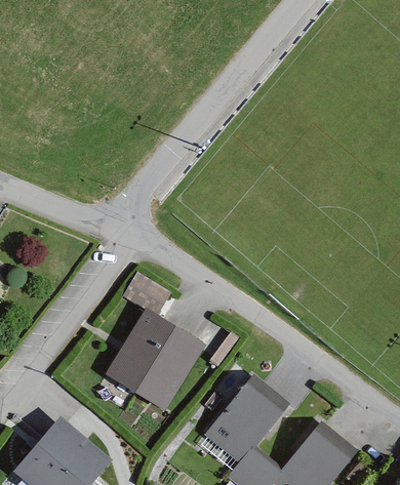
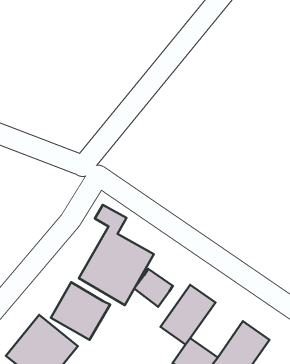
building: none -> [134,269,173,307]
building: none -> [51,282,110,340]

